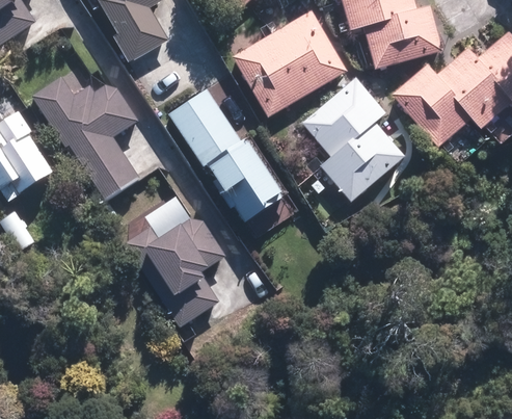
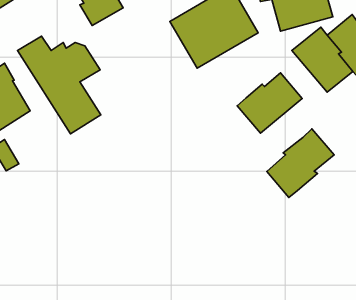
building: [300,76,385,155] -> none
building: [168,87,281,222] -> none
building: none -> [267,129,334,198]
building: [127,216,226,326] -> none

